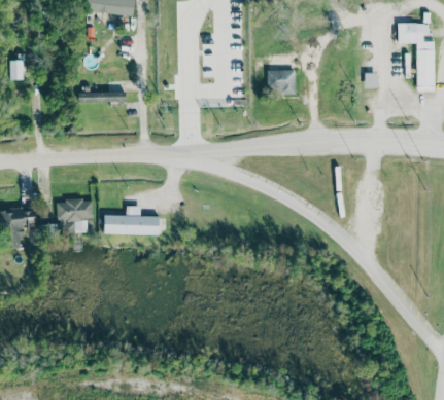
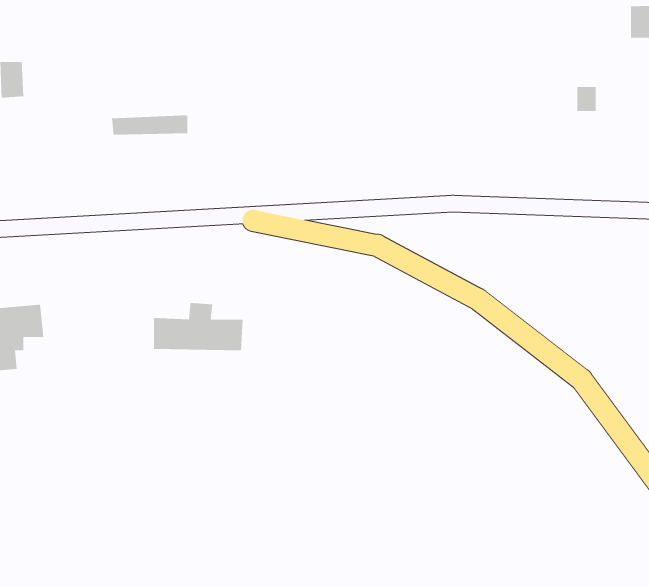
building: [268,70,296,94] -> none
building: [59,199,94,233] -> none

